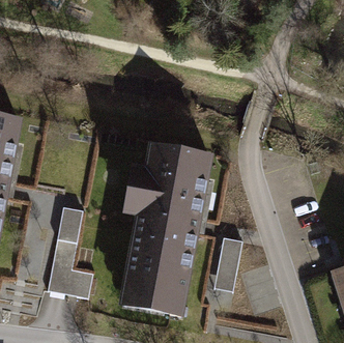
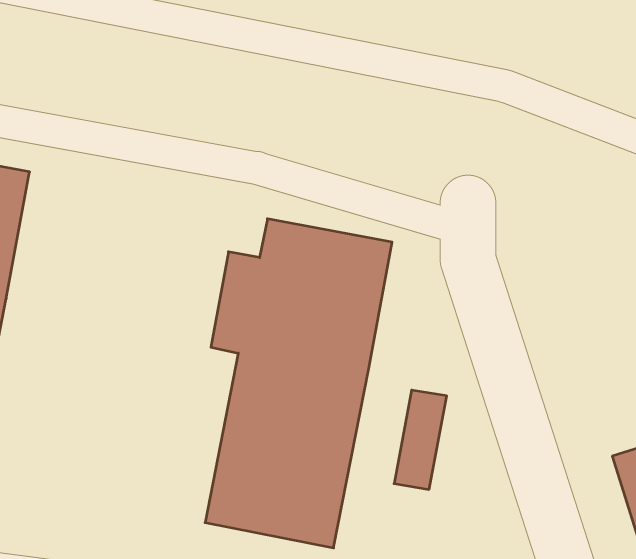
building: [48,208,92,298] -> none

